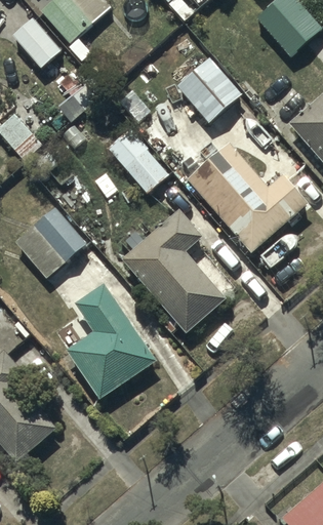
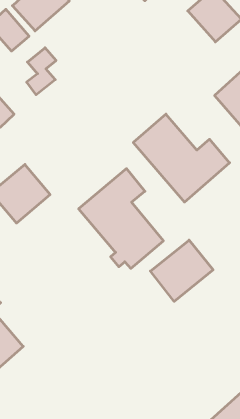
building: [176,57,241,122] -> none
building: [110,128,168,191] -> none
building: [66,281,156,399] -> none
building: none -> [150,240,213,301]

